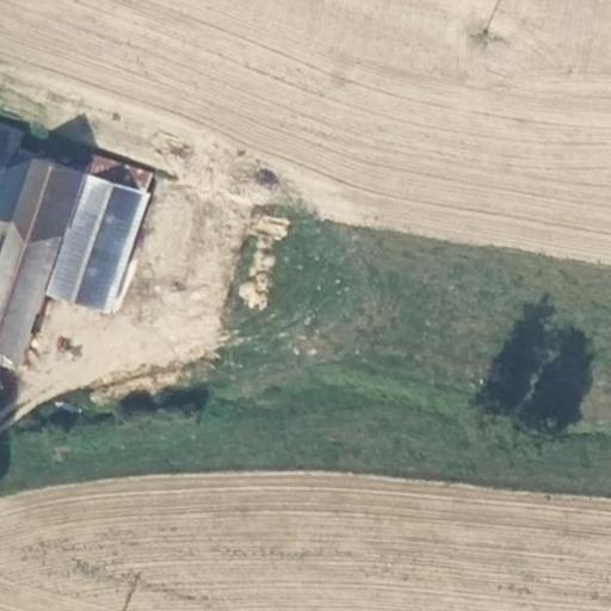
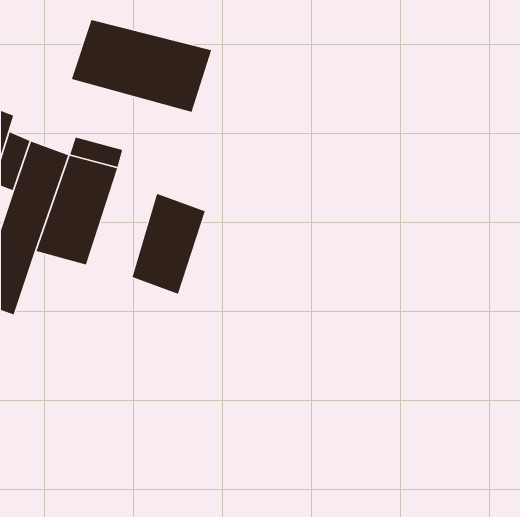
building: none -> [71,19,212,113]
building: none -> [132,193,206,295]

